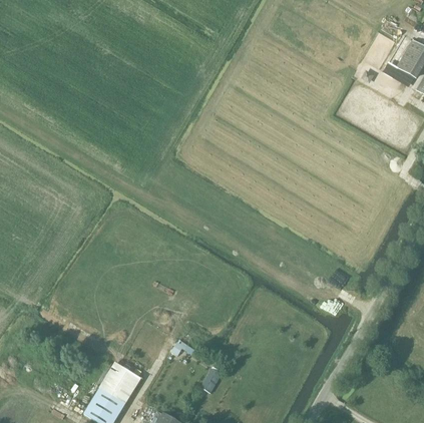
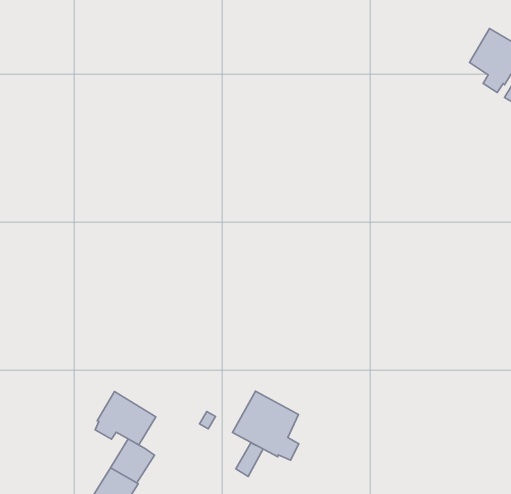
building: none -> [233,391,299,460]
building: none -> [95,391,156,445]

